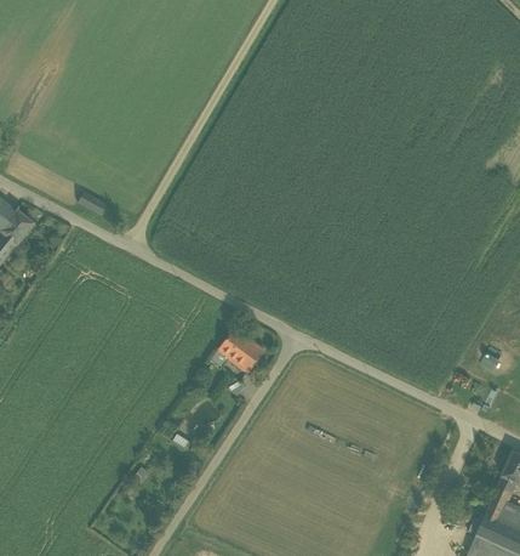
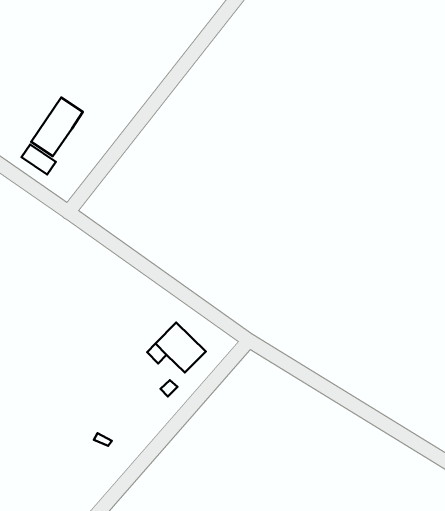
building: none -> [31,97,83,156]

